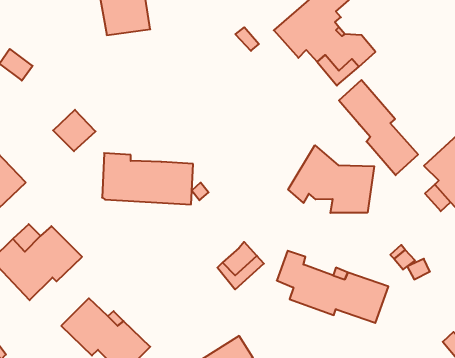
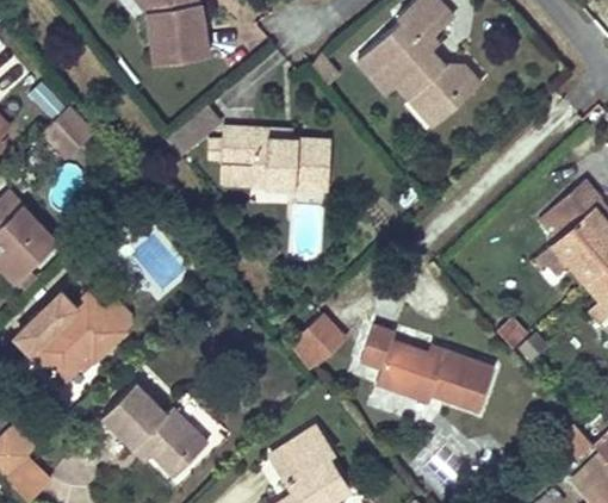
building: [339,80,418,175] -> none
building: [53,110,96,151] -> [42,107,93,157]
building: [288,145,374,213] -> none
building: [102,153,193,204] -> [221,128,330,190]

